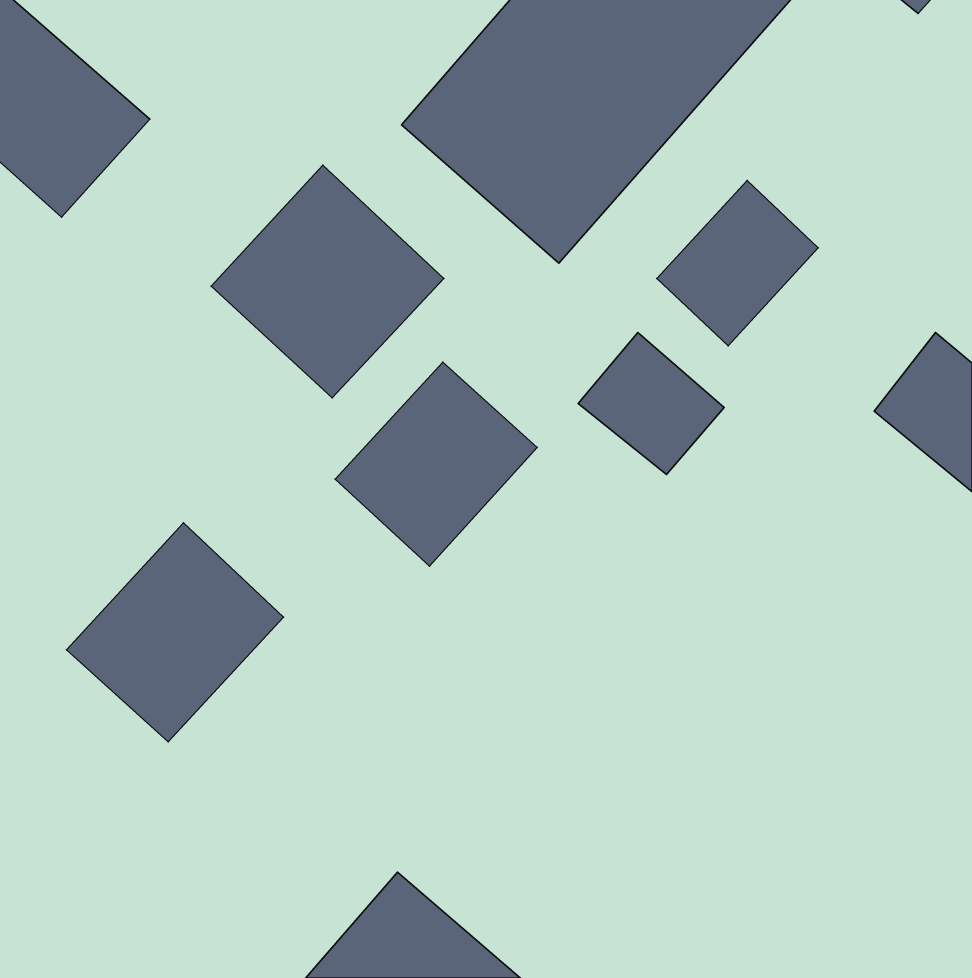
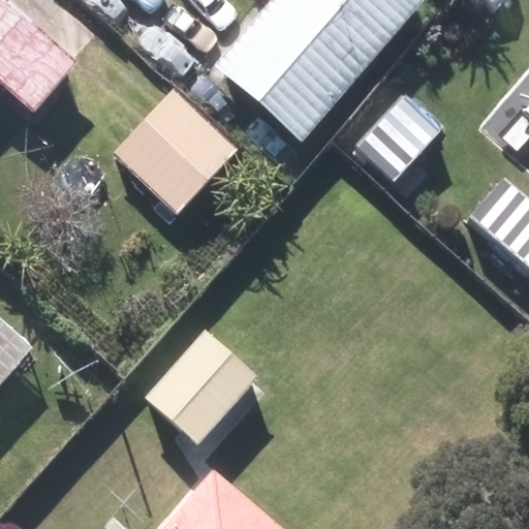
building: [335,362,537,566] -> none
building: [66,523,284,742] -> [144,331,260,448]

